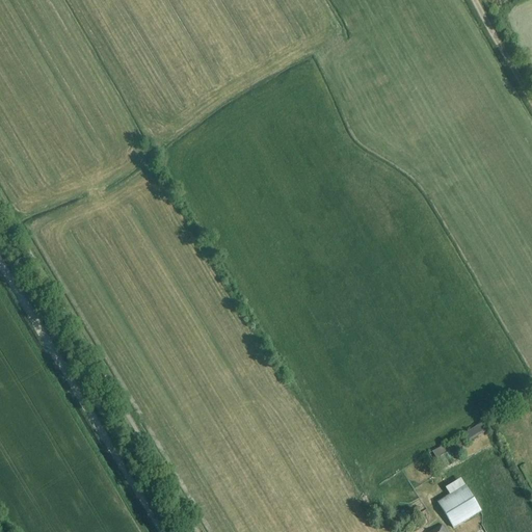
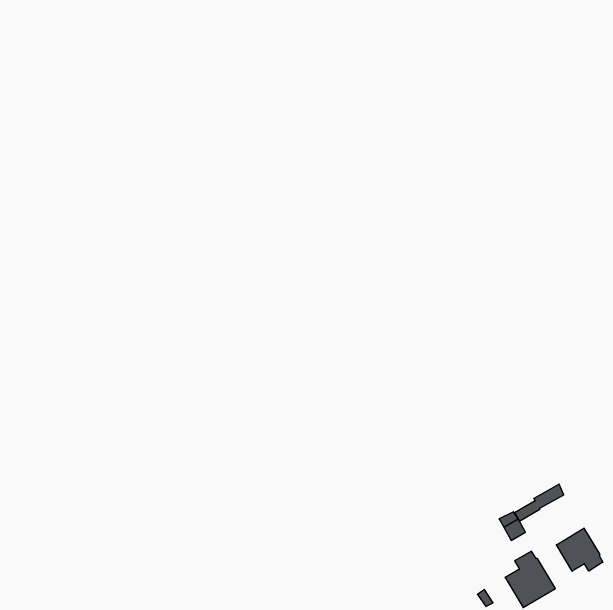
building: none -> [556,528,603,571]

